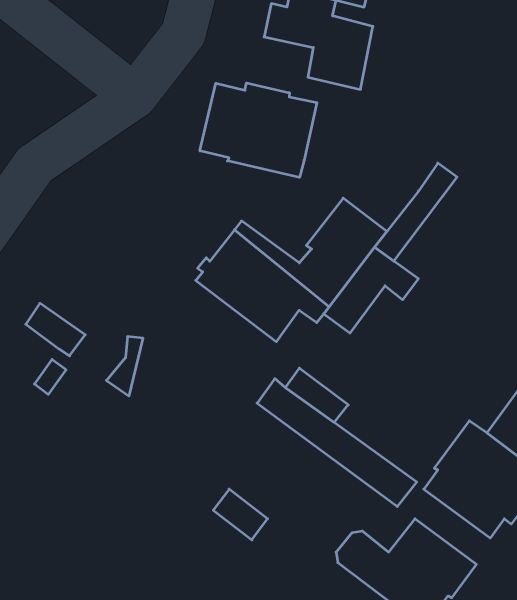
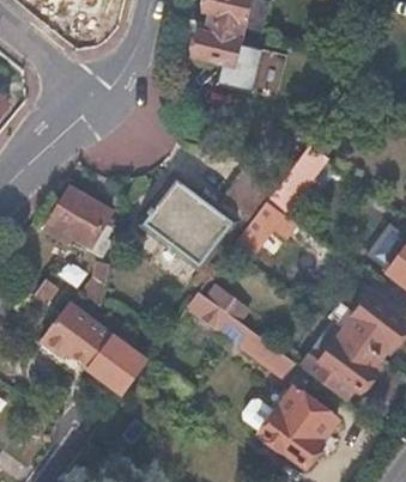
building: [200,83,317,177] -> none
building: none -> [49,189,110,258]
building: none -> [42,304,146,392]

